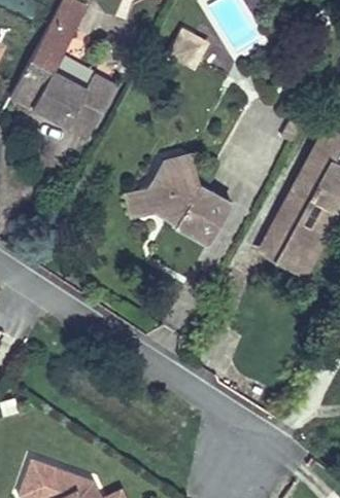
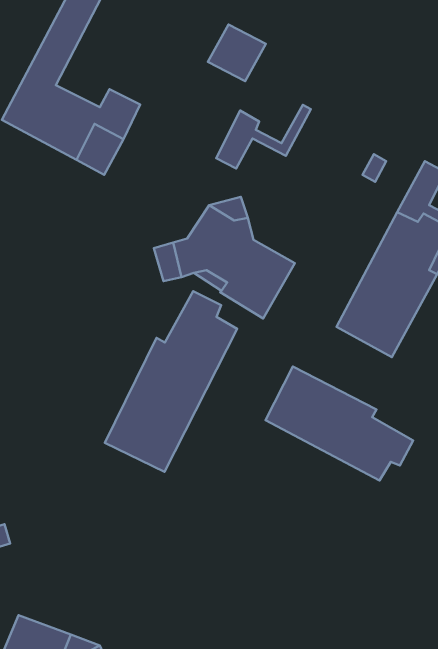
building: none -> [216,105,311,168]
building: none -> [105,291,237,472]
building: none -> [266,367,413,480]

